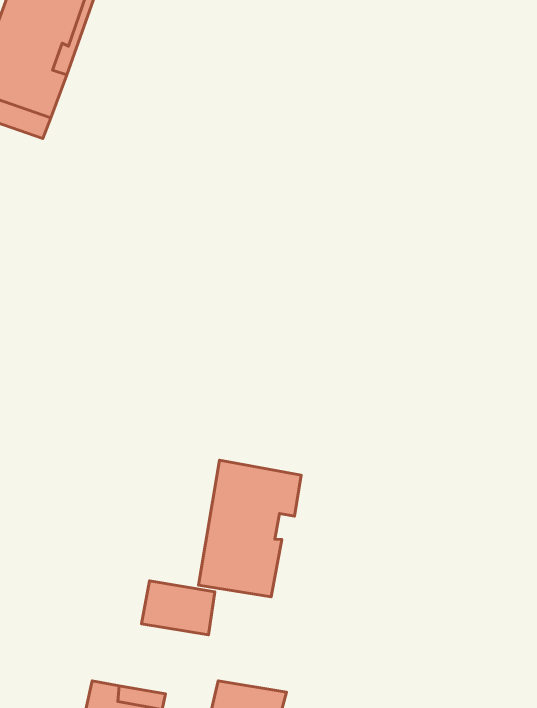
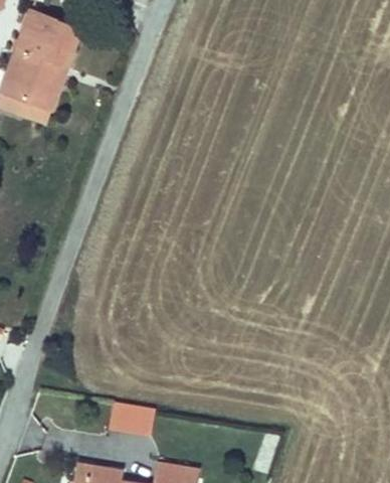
building: [199,460,301,597] -> none

